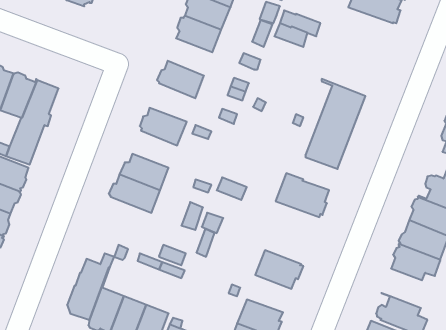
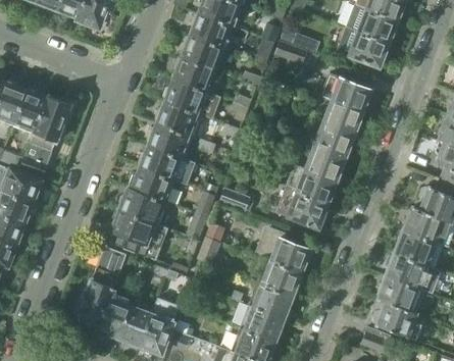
building: none -> [337,28,389,67]
building: none -> [173,57,216,93]
building: none -> [320,73,371,112]
building: none -> [155,100,200,137]
building: none -> [139,145,196,186]
building: none -> [287,164,336,202]
building: none -> [110,208,158,247]
building: none -> [256,227,311,272]
building: none -> [376,276,416,314]
building: none -> [249,282,294,318]

